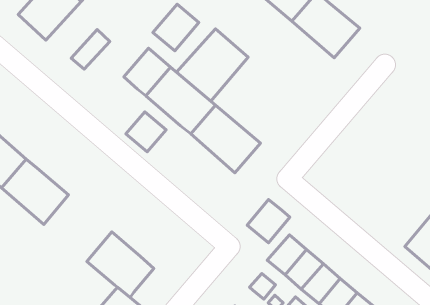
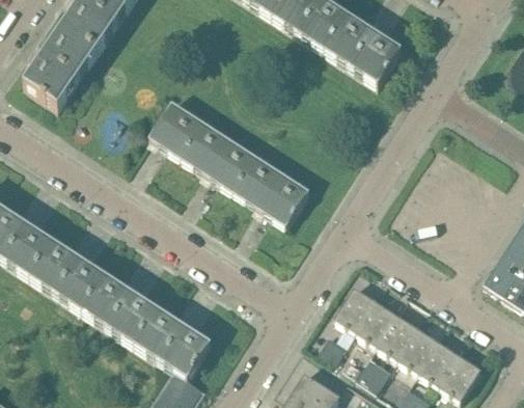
building: [153,4,199,51] -> none
building: [177,29,248,101] -> none
building: [71,30,110,69] -> none
building: [126,112,166,152] -> none
building: none -> [84,275,160,346]
building: [247,200,290,243] -> none

